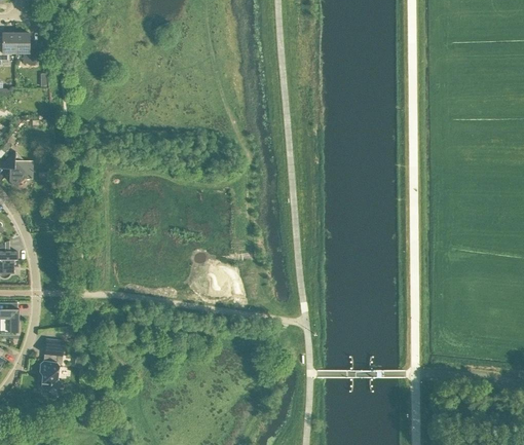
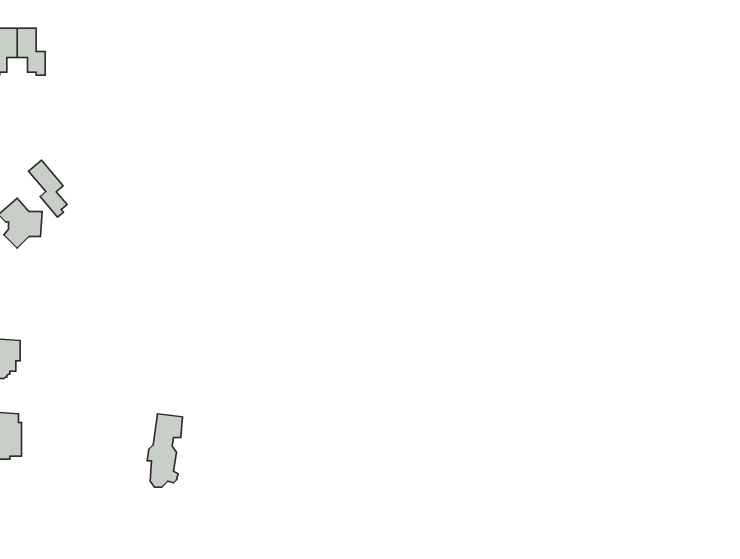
building: none -> [29,160,67,217]
building: [38,339,63,391] -> [147,414,182,487]

